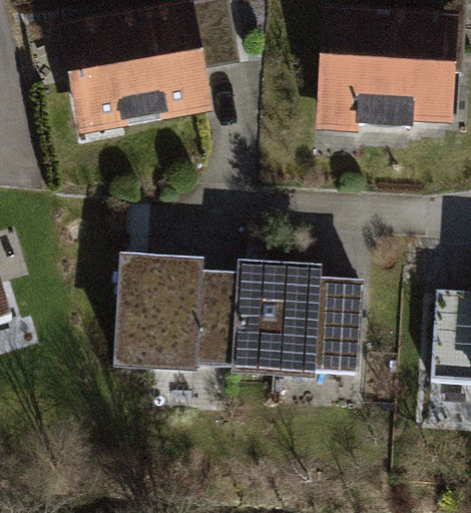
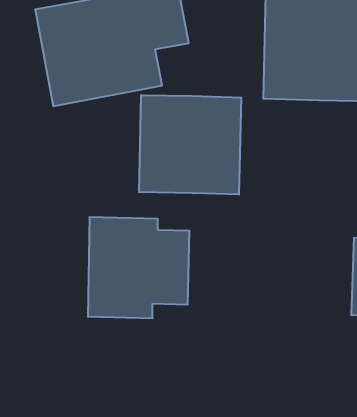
building: none -> [139,95,241,195]
building: [239,267,363,386] -> none

